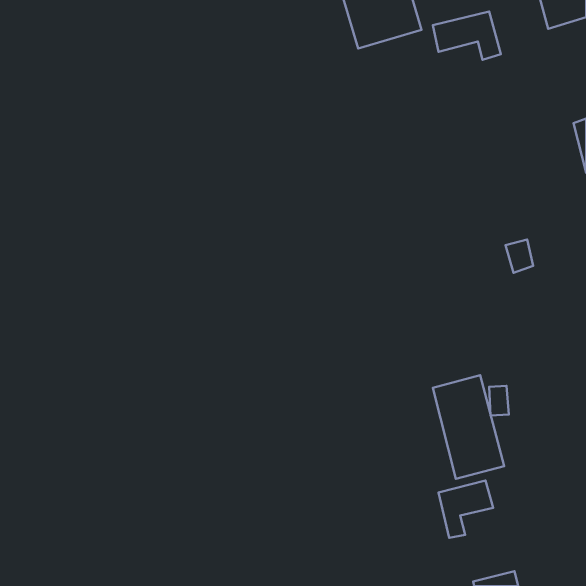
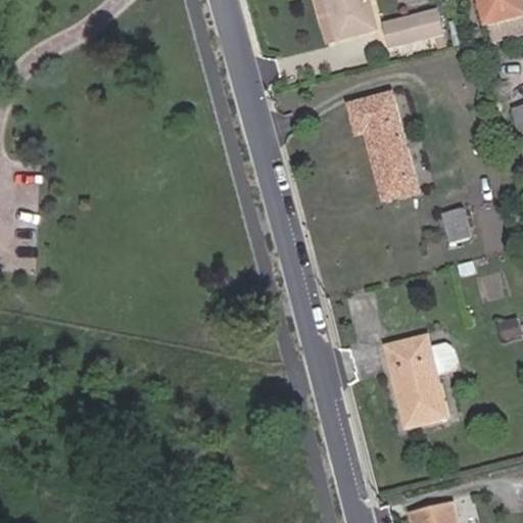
building: none -> [346,88,415,196]
building: [438,480,493,538] -> none

